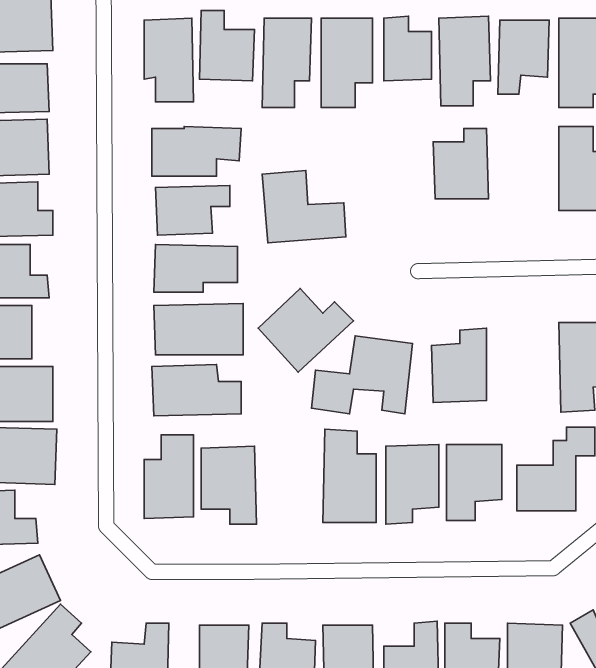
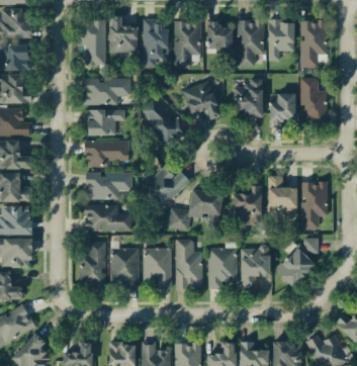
building: none -> [184,81,219,119]
building: none -> [270,93,296,127]
building: none -> [267,175,297,218]
building: none -> [143,248,172,289]

